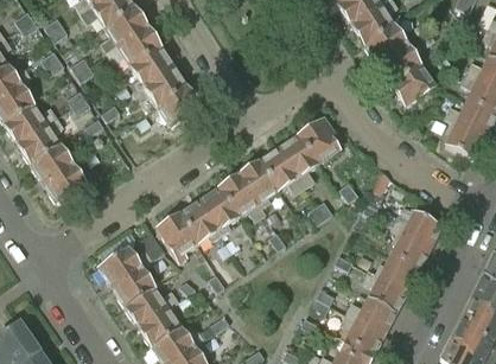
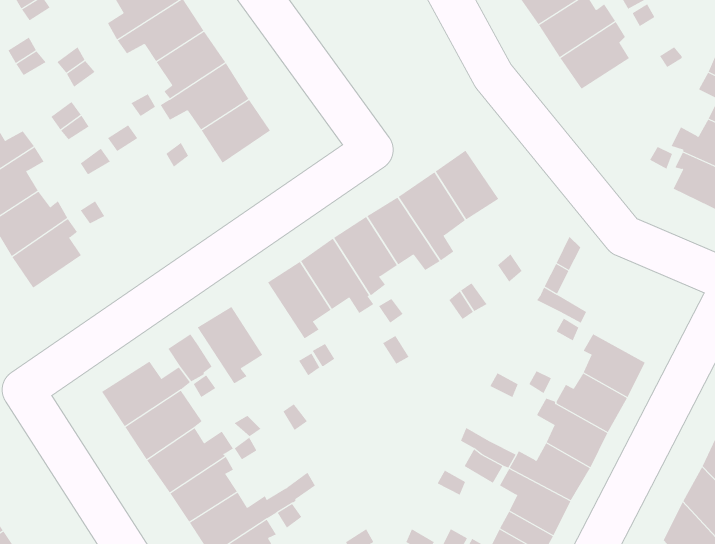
building: [390,64,434,106] -> none
building: [178,200,222,244] -> none
building: [392,206,443,249] -> none

